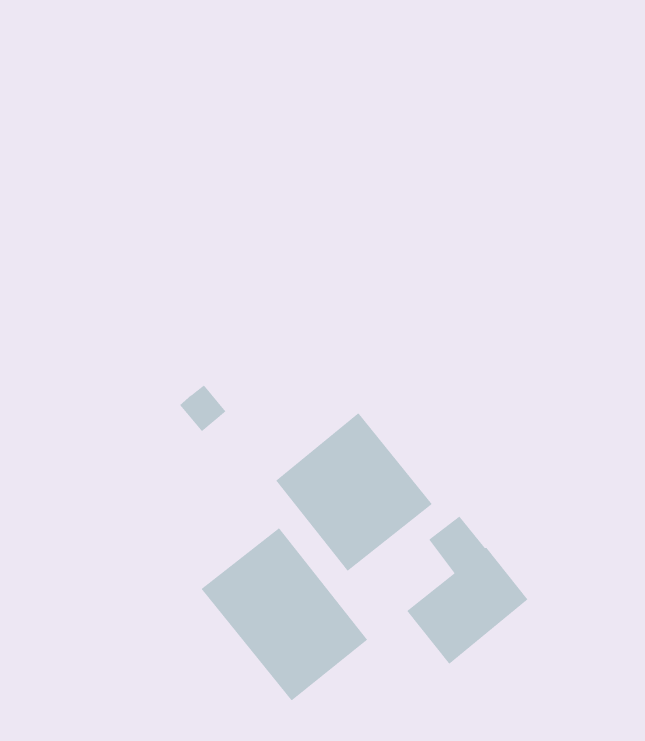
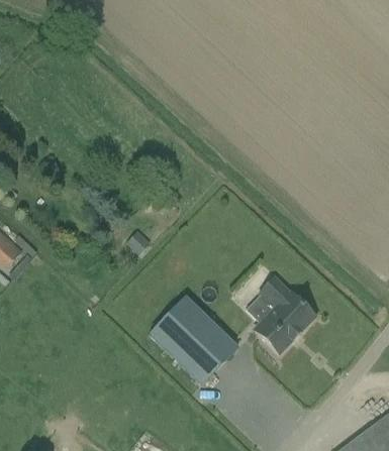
building: [275,412,433,572] -> none

